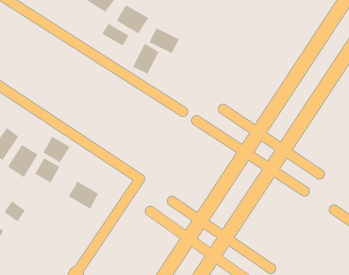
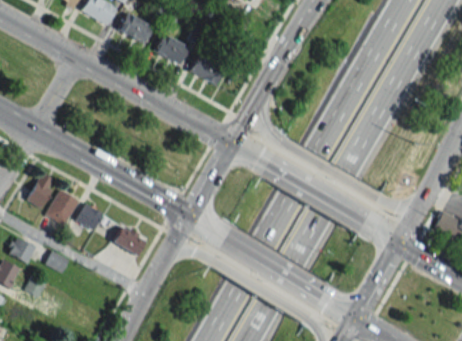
building: [102,23,129,46] -> none
building: [132,43,159,74] -> none
building: [43,136,70,163] -> none

